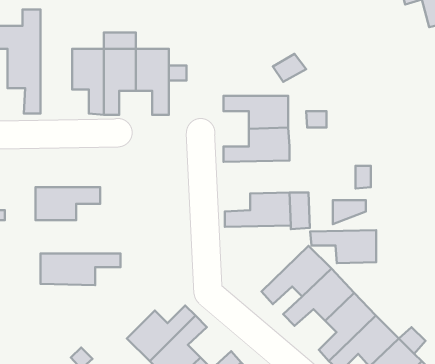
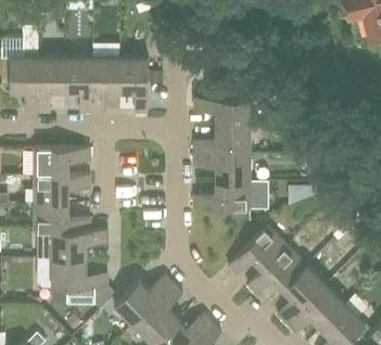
building: none -> [38,59,65,114]
building: none -> [34,150,90,177]
building: none -> [33,205,90,233]
building: [310,230,376,263] -> [194,154,251,182]
building: none -> [38,259,106,304]

